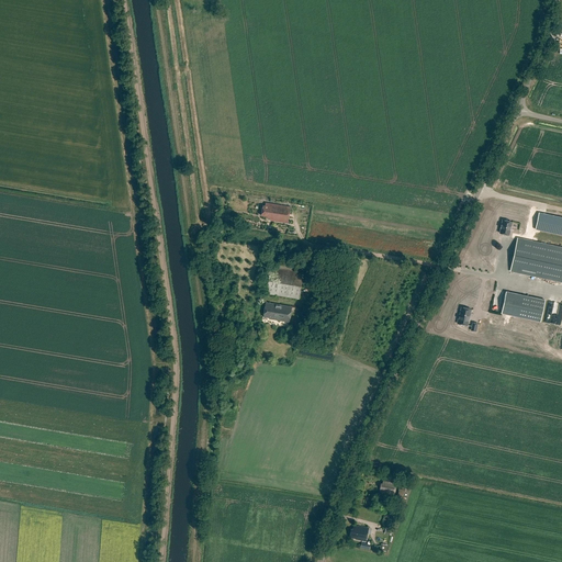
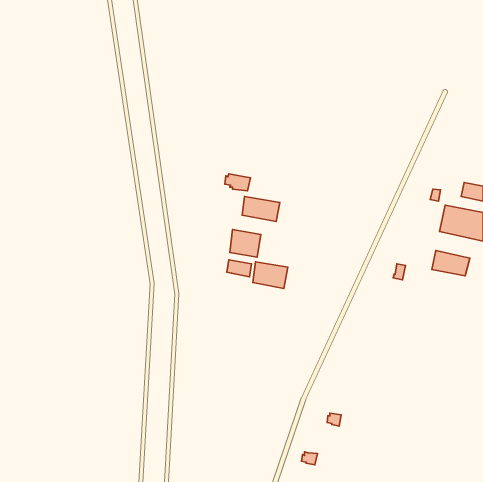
building: none -> [242,197,280,222]
building: none -> [253,262,288,288]

